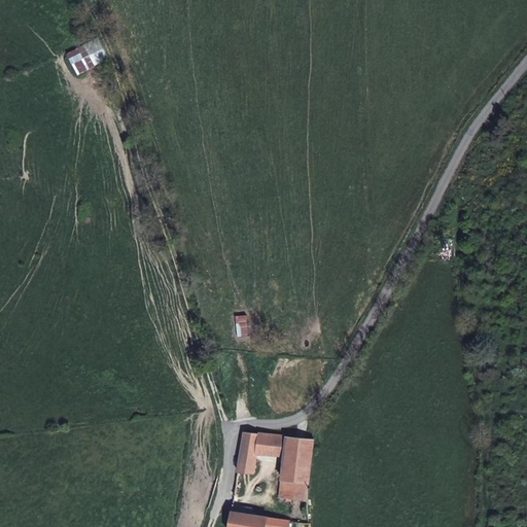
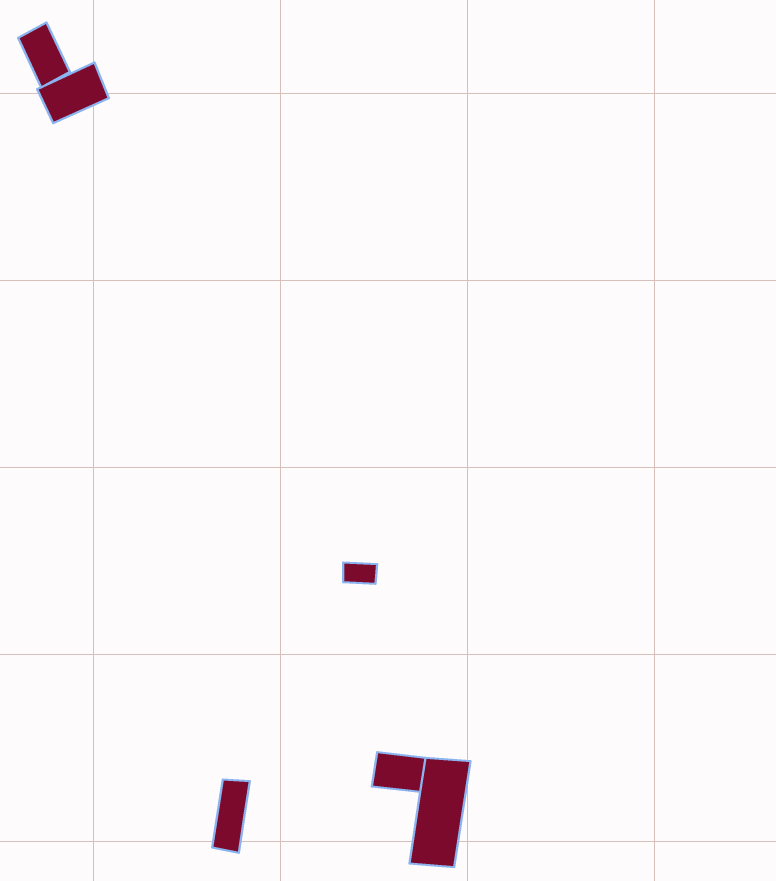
building: none -> [18,22,70,87]
building: [238,432,259,475] -> [212,779,250,853]

